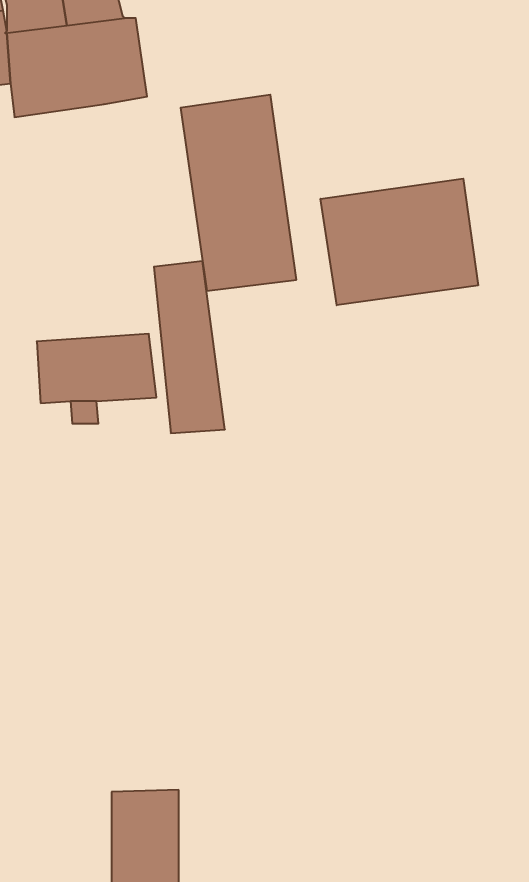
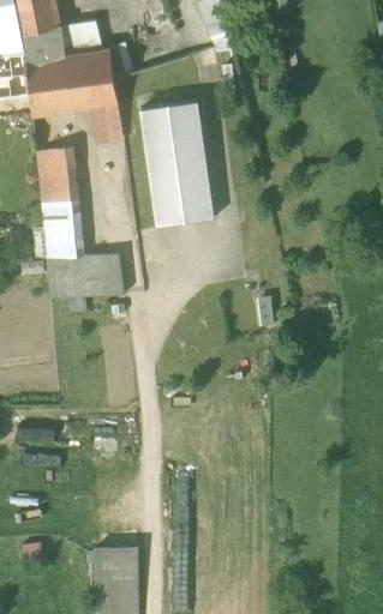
building: none -> [90,102,122,140]
building: [321,179,478,305] -> none
building: [154,261,225,433] -> [36,149,82,259]

